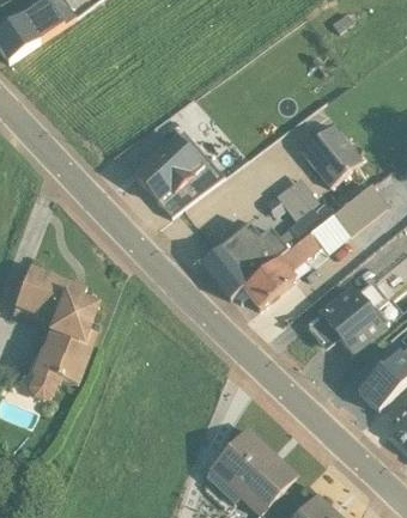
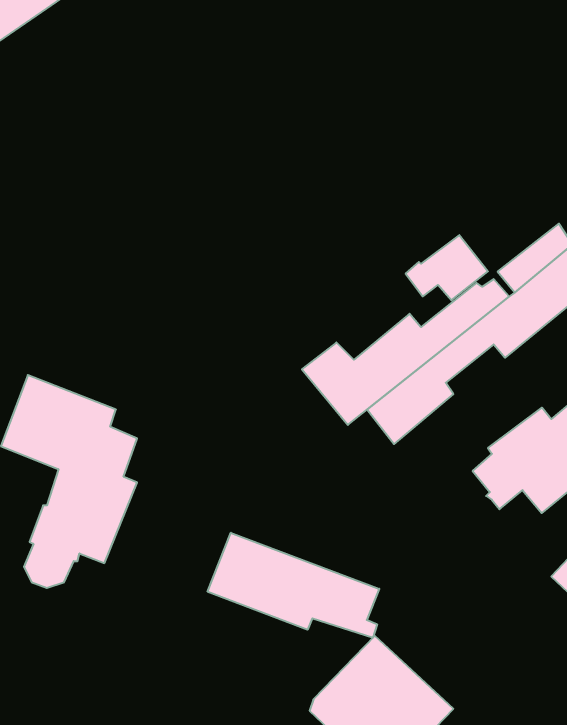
building: [299,123,362,185] -> none
building: [133,130,224,217] -> none
building: none -> [208,533,379,638]

